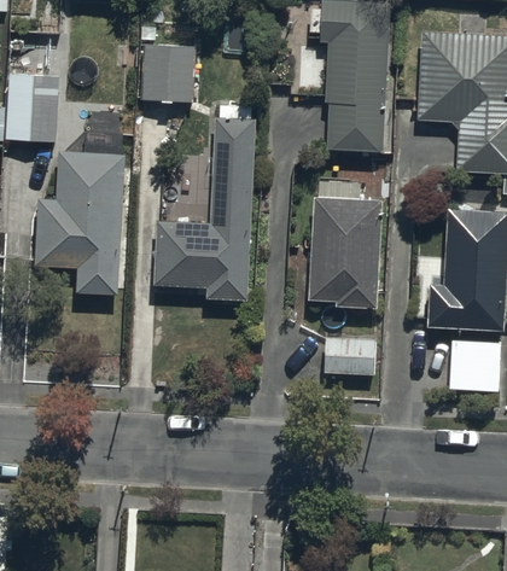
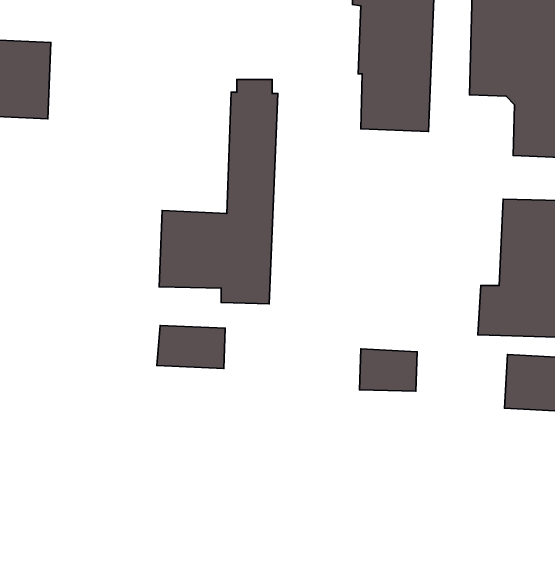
building: [141,46,194,103] -> none
building: [36,116,123,293] -> none
building: [309,185,379,308] -> none
building: none -> [157,325,225,368]

